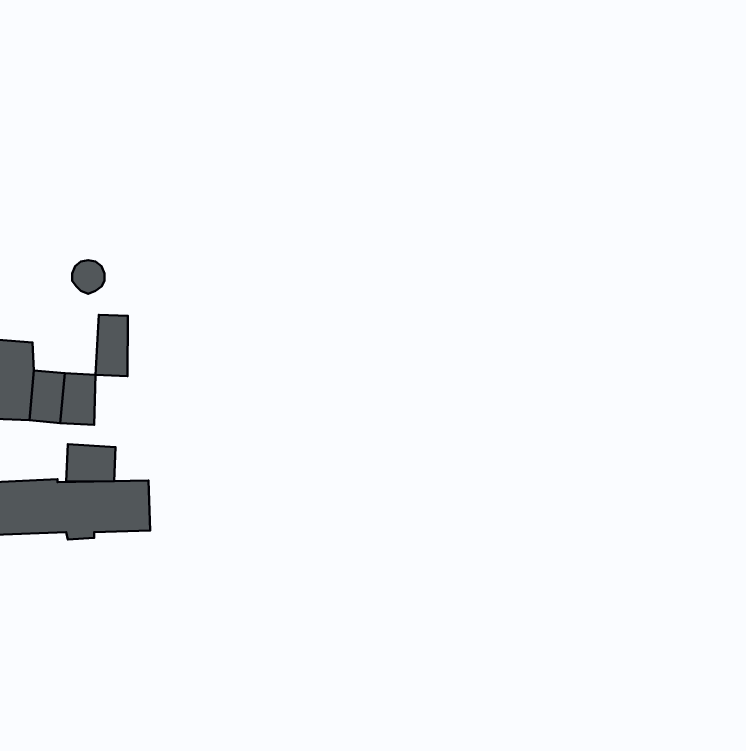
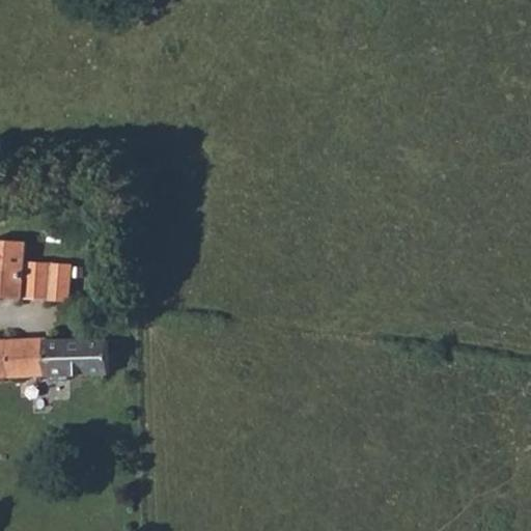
building: [96,315,128,376] -> none
building: [66,444,116,482] -> none

